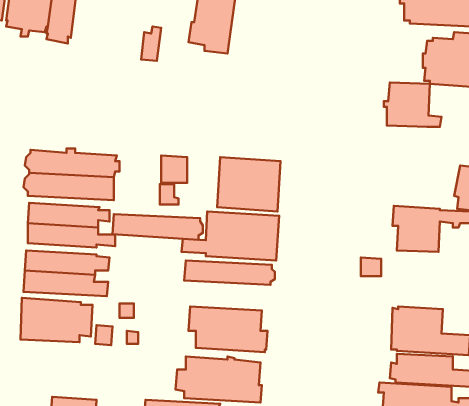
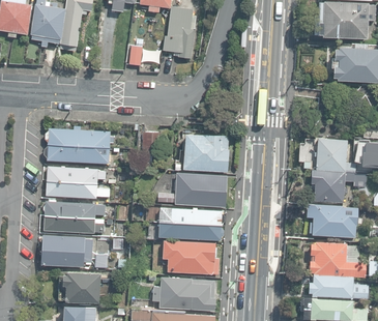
building: [384,82,441,127] -> [314,138,355,170]
building: [112,214,203,240] -> [158,223,224,241]
building: none -> [307,205,358,238]
building: none -> [62,271,100,304]

